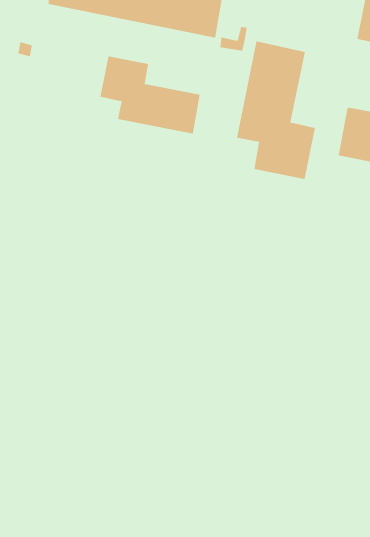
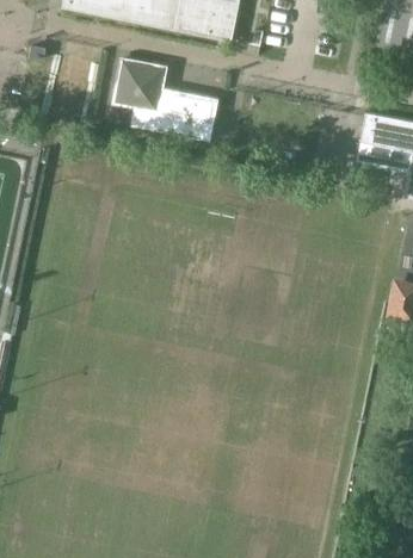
building: [237,41,315,180] -> none

